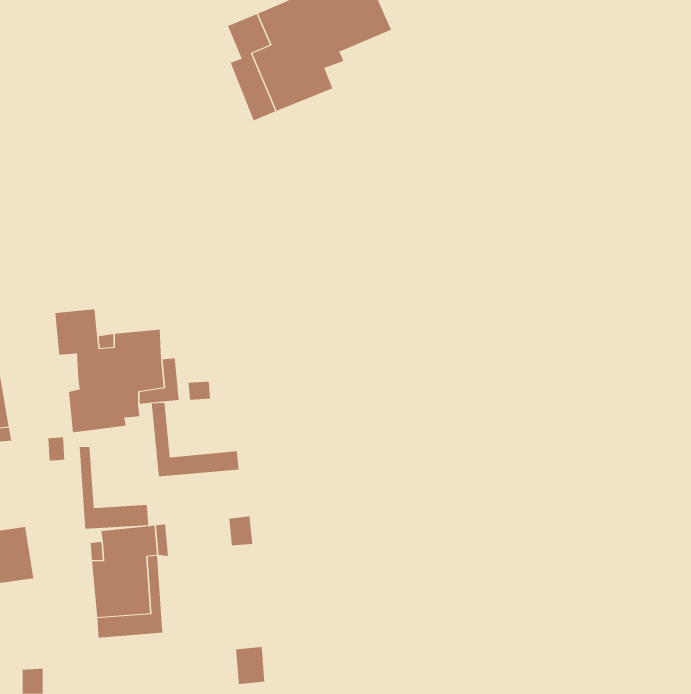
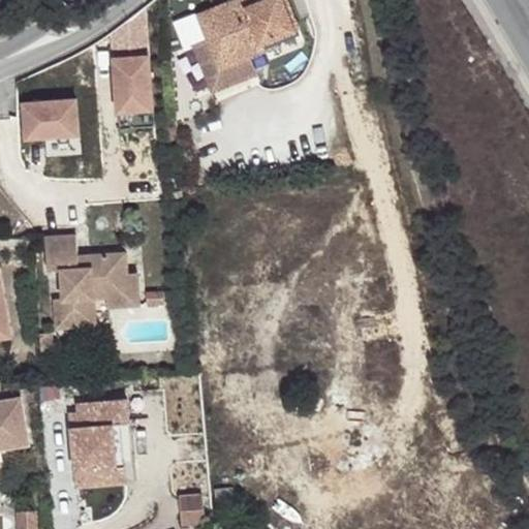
building: none -> [112,59,152,116]
building: none -> [22,103,77,142]
building: [151,402,239,477] -> none
building: [79,446,149,529] -> none

